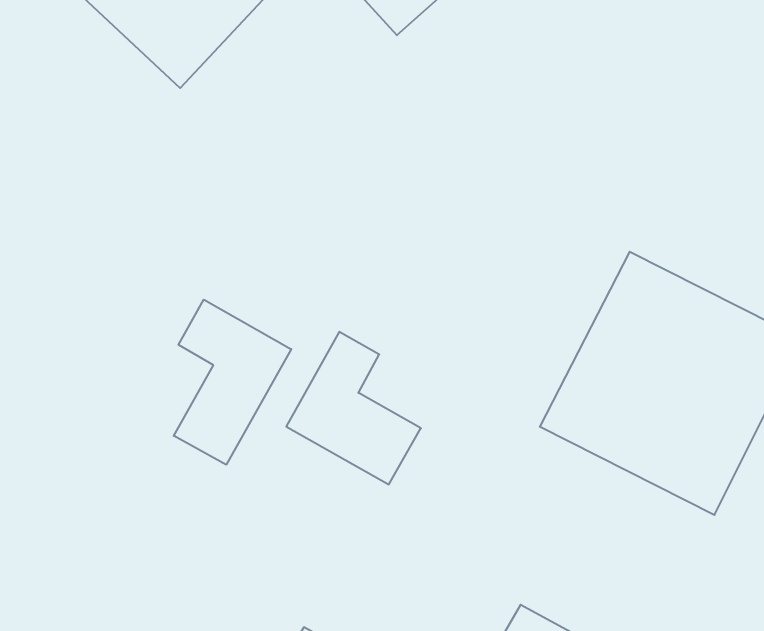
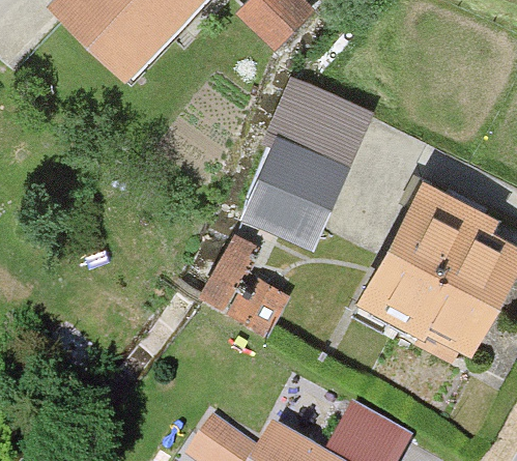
building: none -> [243,84,362,249]
building: [174,300,291,465] -> none

